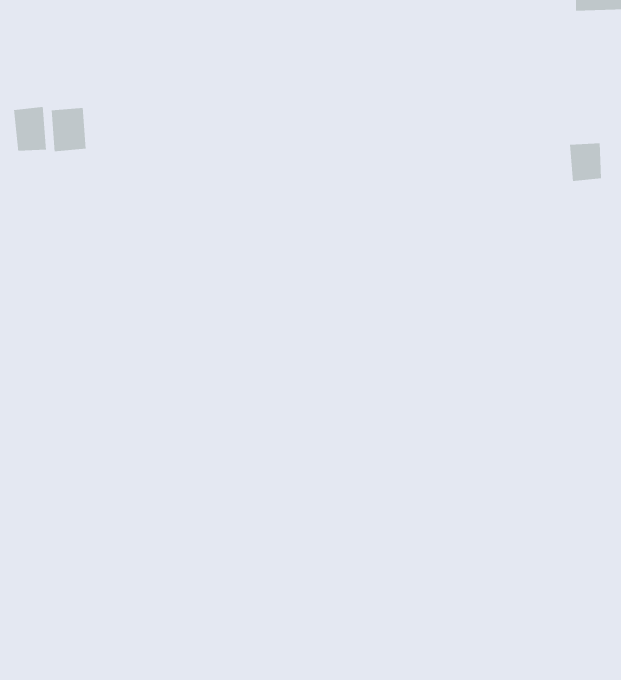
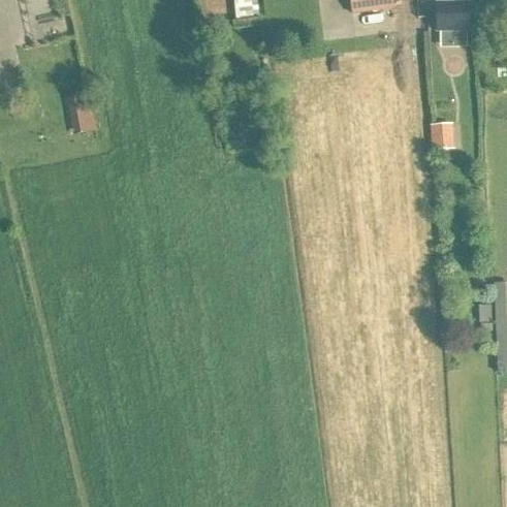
building: [13,106,46,152] -> none

